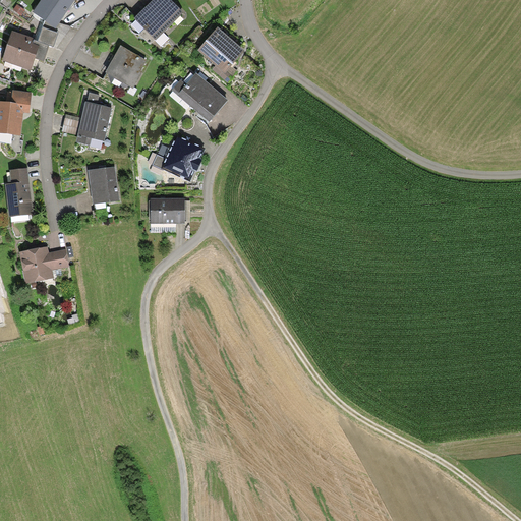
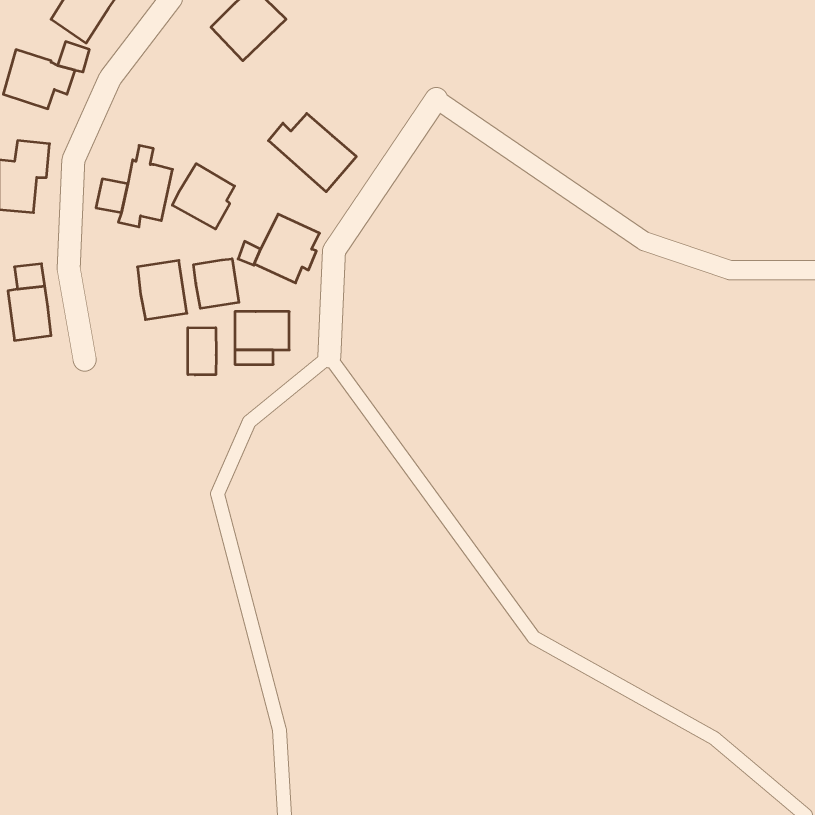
building: [198,28,243,81] -> none
building: [105,46,144,88] -> [172,164,235,229]
building: none -> [194,259,239,308]
building: none -> [188,328,216,375]
building: [18,246,69,283] -> none

